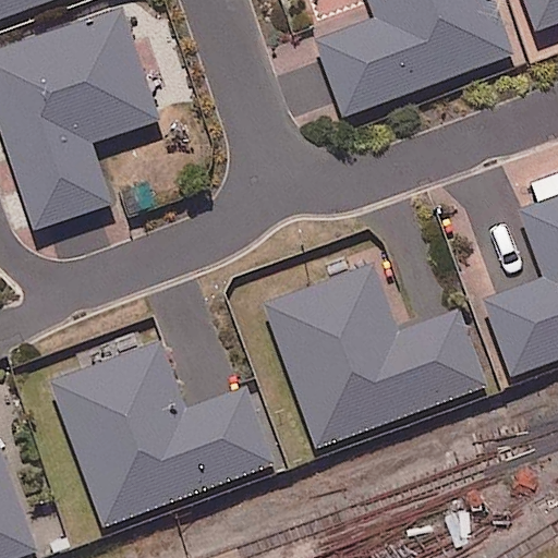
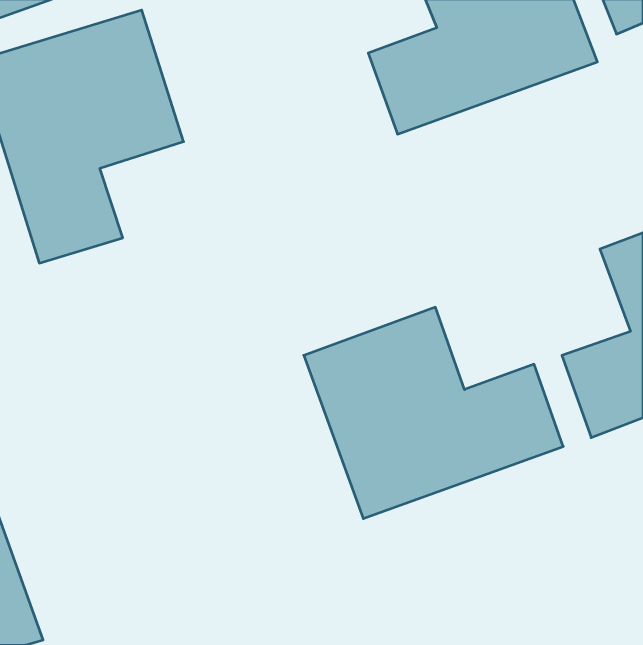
building: [51,341,275,523] -> none

